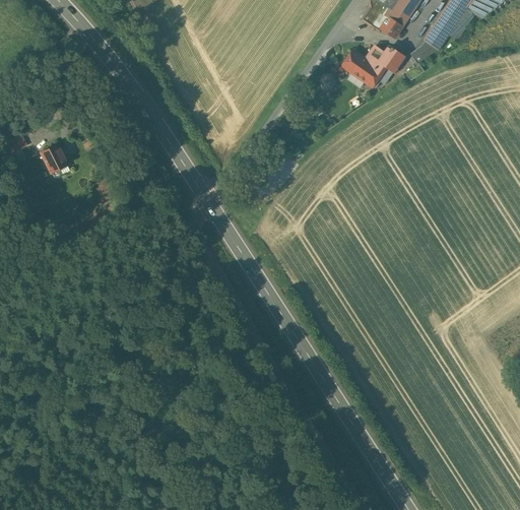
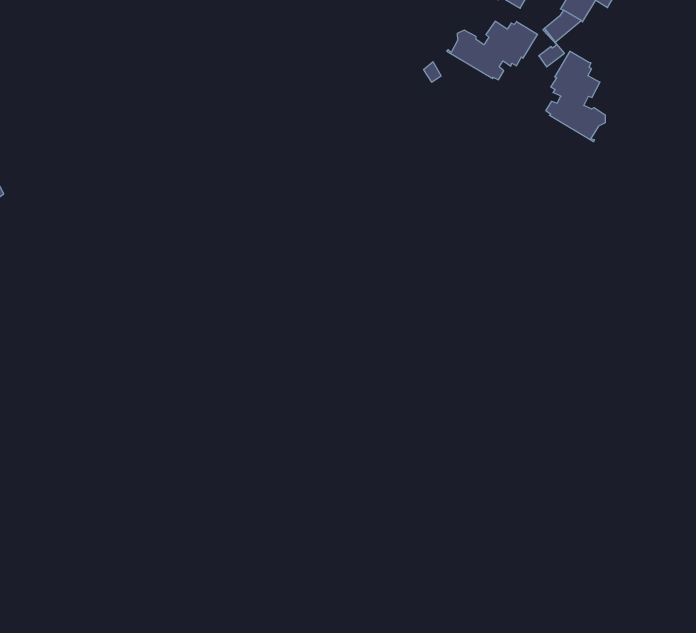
building: none -> [546,51,605,142]
building: [41,144,68,174] -> none

